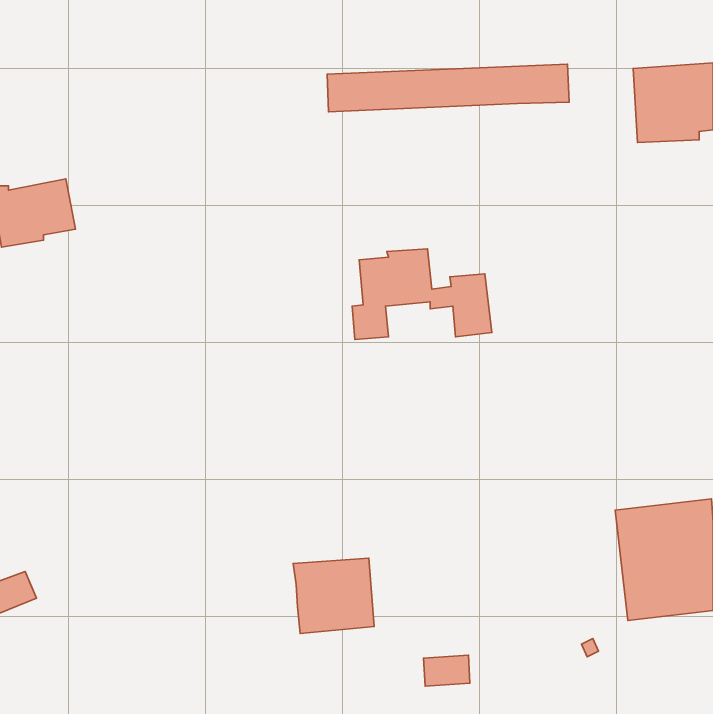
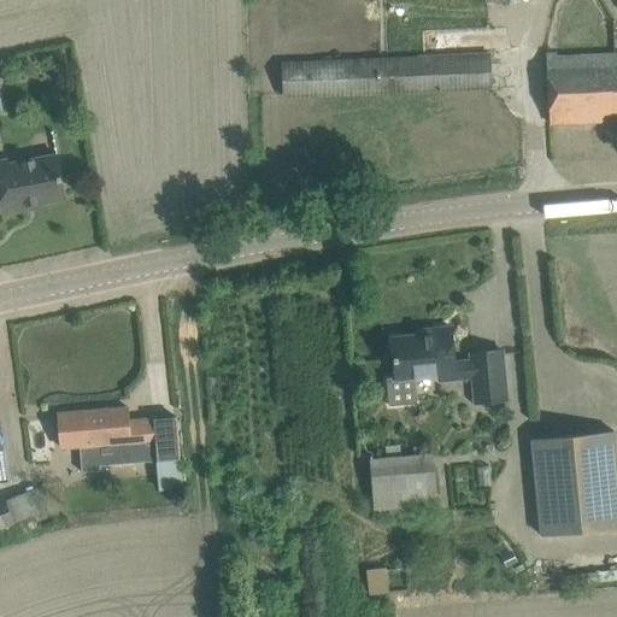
building: [352,249,492,340] -> [386,328,506,406]
building: none -> [58,407,180,475]
building: [293,558,374,633] -> [369,453,439,518]

